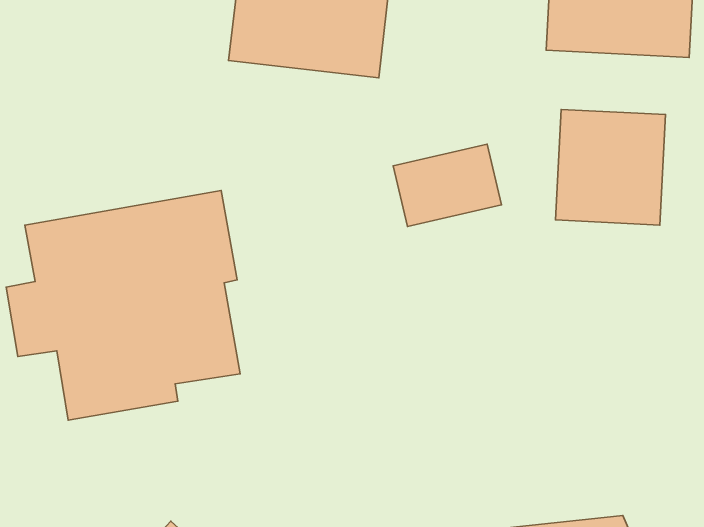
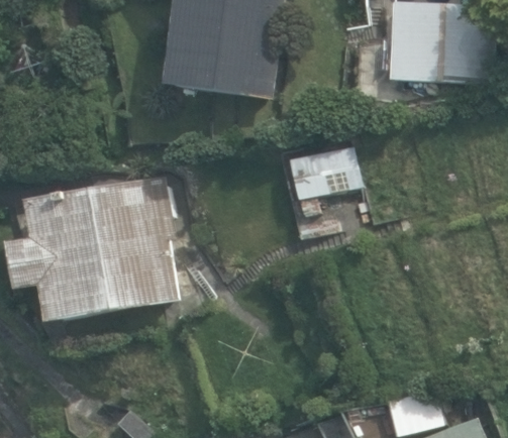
building: [555,109,666,225] -> none

